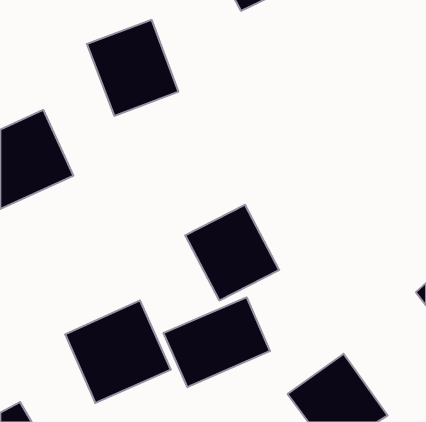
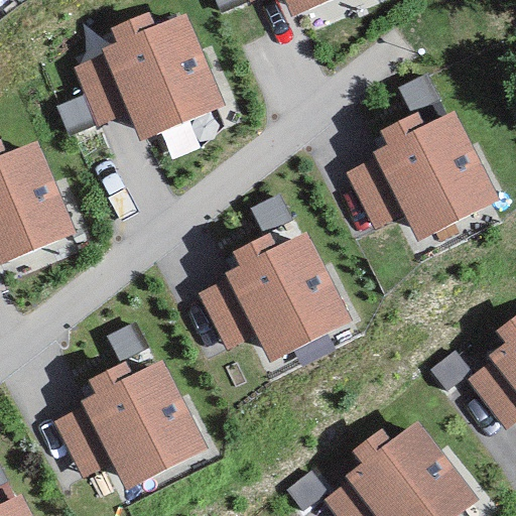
building: none -> [358,108,488,241]
building: [164,297,270,387] -> none

